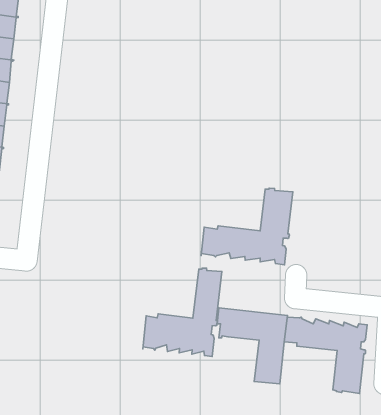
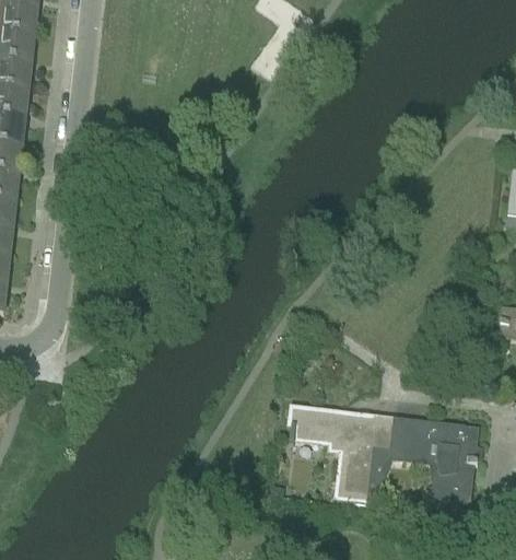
building: [201,188,293,265] -> none
building: [143,268,222,357] -> none

